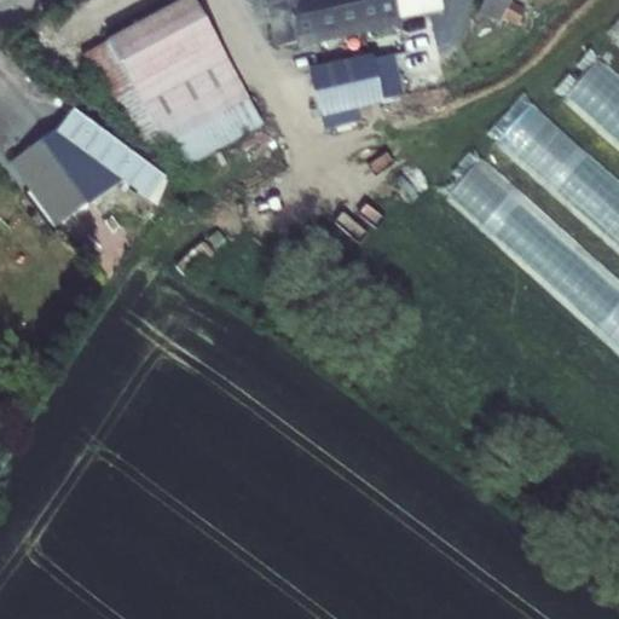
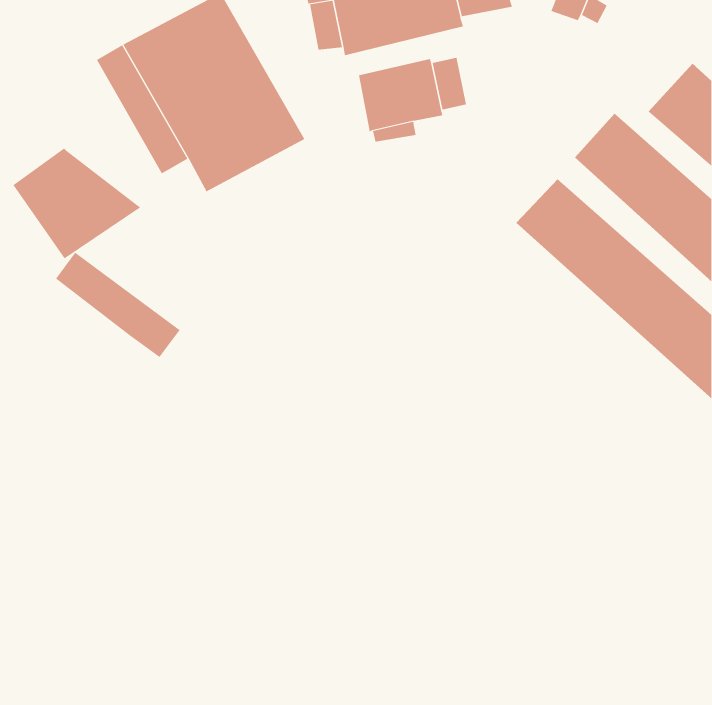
building: [58,108,167,199] -> [55,252,181,358]

